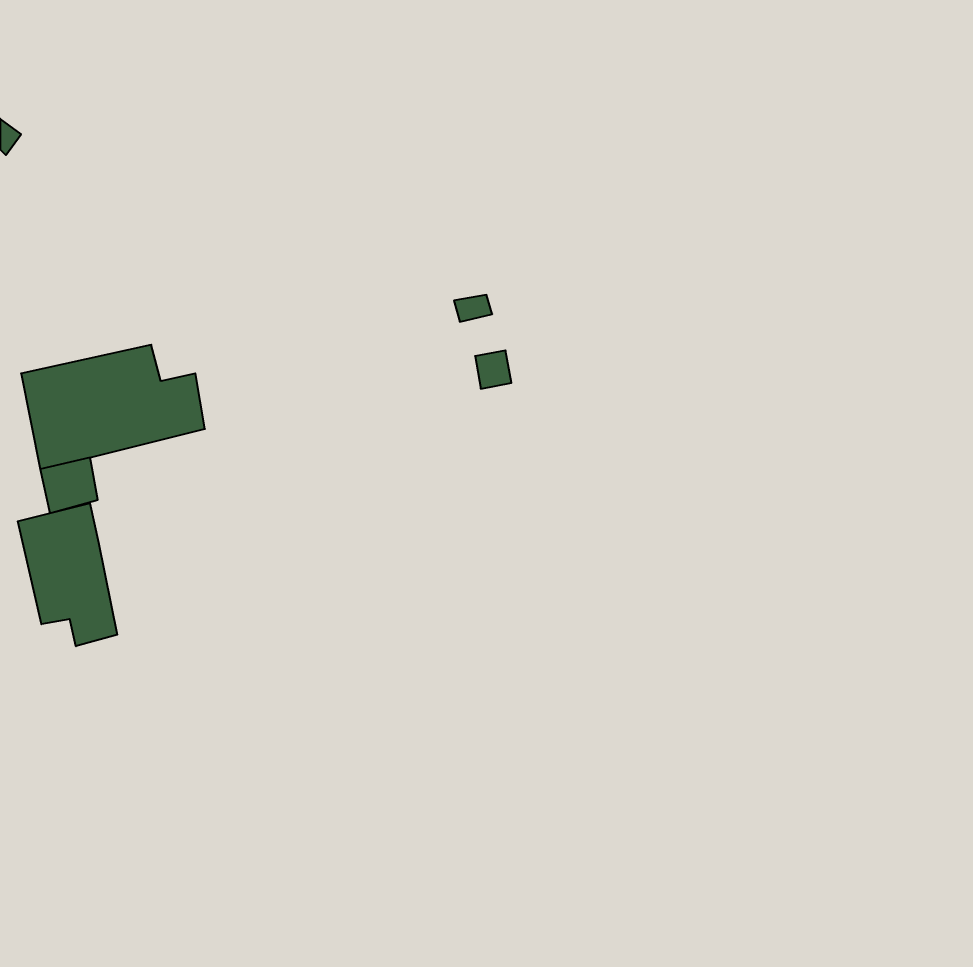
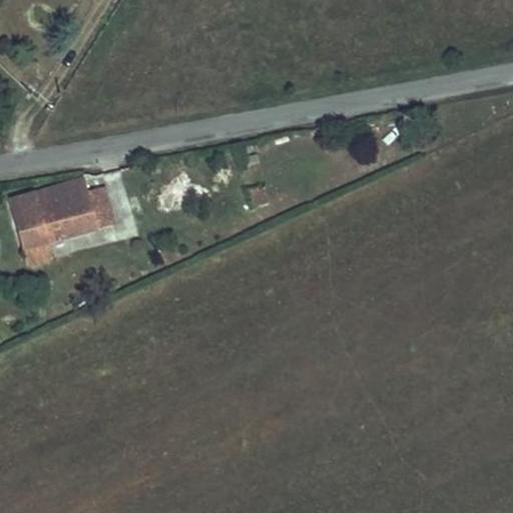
building: [18,503,117,646] -> none

